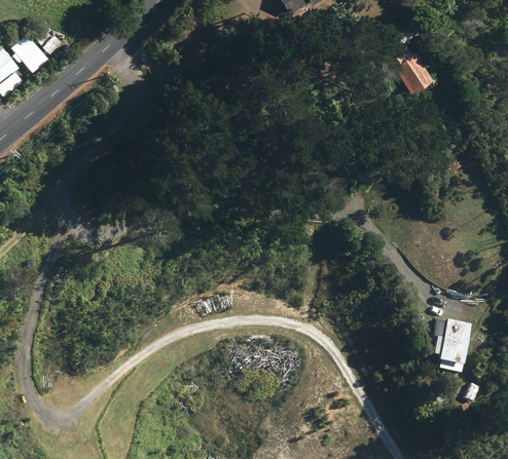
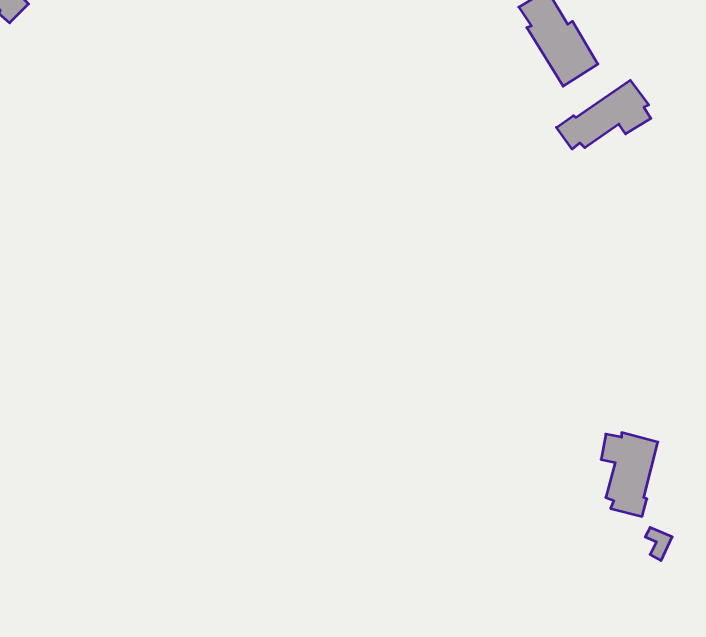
building: none -> [556,80,651,149]

